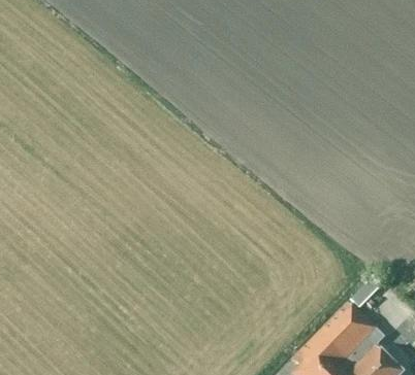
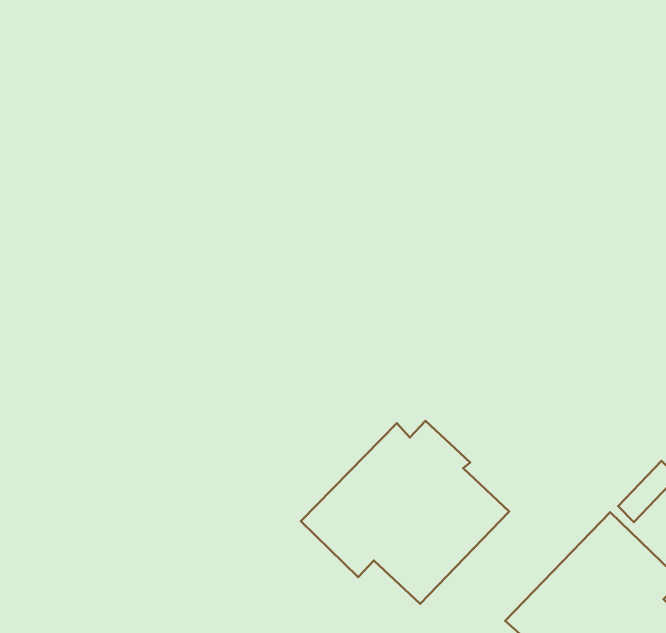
building: none -> [301,421,509,604]

